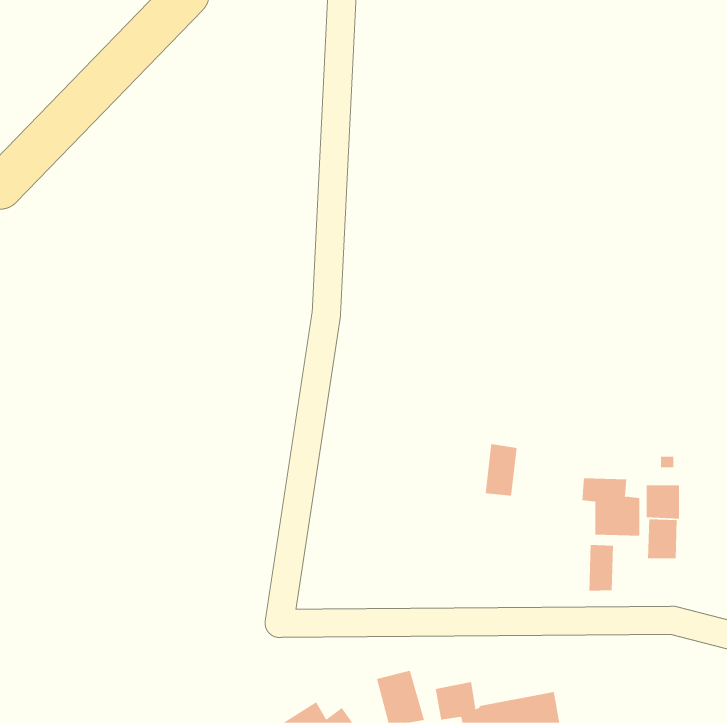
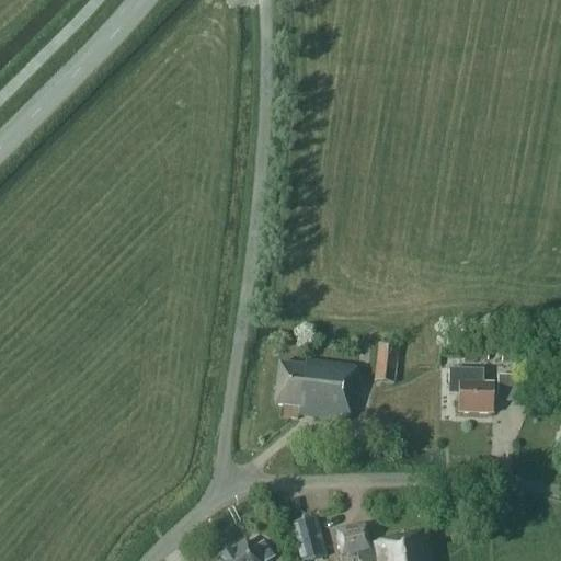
building: none -> [274,358,355,420]
building: [648,518,677,559] -> none
building: [589,544,614,591] -> none

